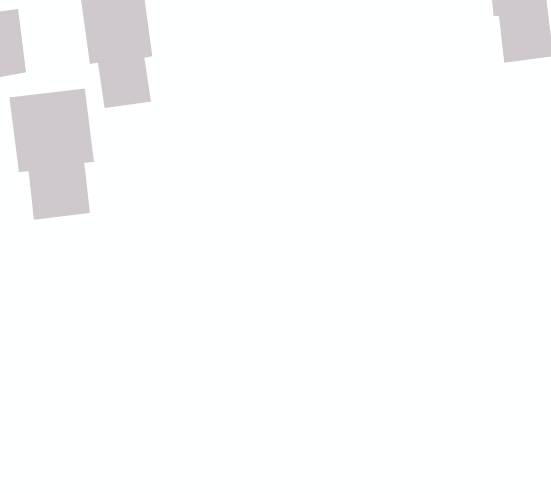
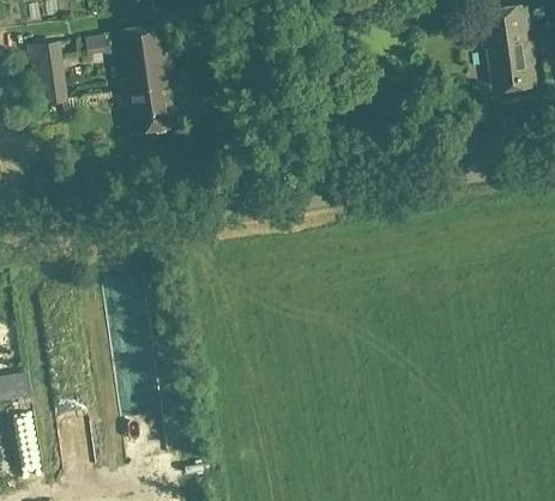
building: [9,88,94,221] -> none

